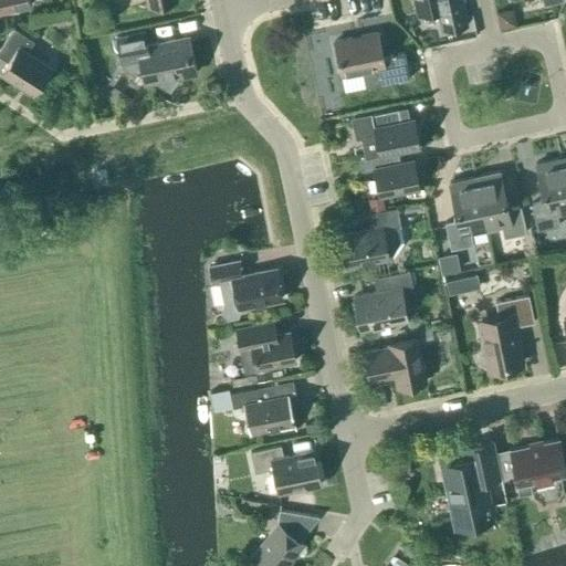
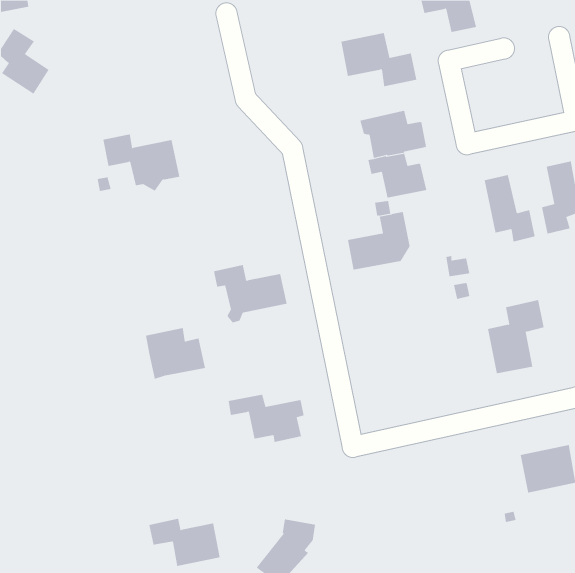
building: [117,33,193,90] -> [102,134,180,191]
building: [446,179,486,251] -> none
building: [354,272,415,332] -> none
building: [237,323,296,374] -> [145,328,206,379]
building: [365,340,427,388] -> none
building: [442,443,502,524] -> none
building: [251,448,322,495] -> [148,518,221,567]

